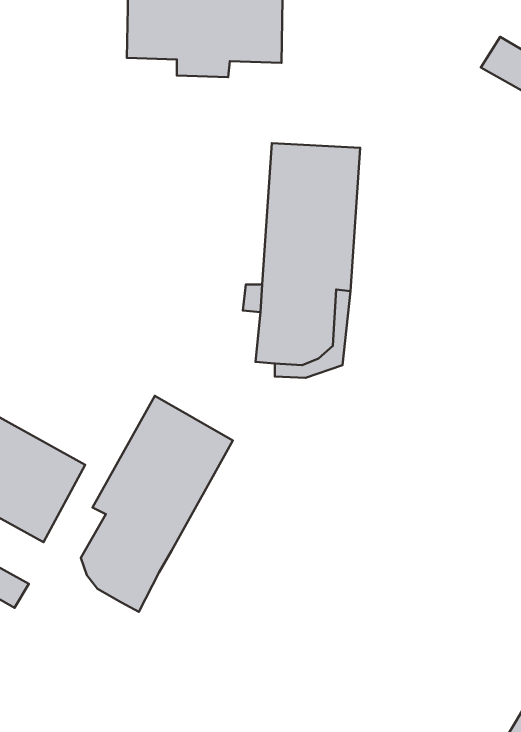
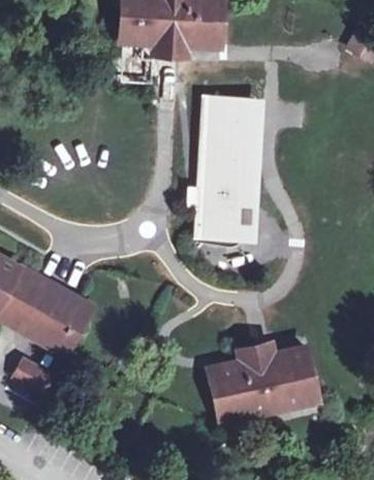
building: [81,396,233,612] -> none
building: none -> [210,344,316,421]

